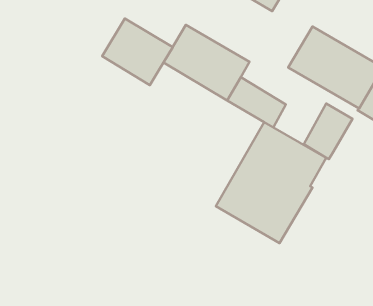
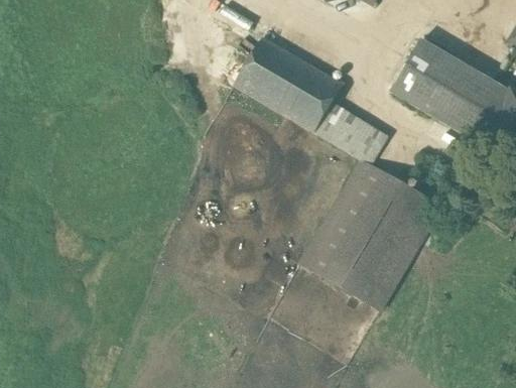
building: [102,19,173,85] -> none
building: [304,104,352,159] -> none

